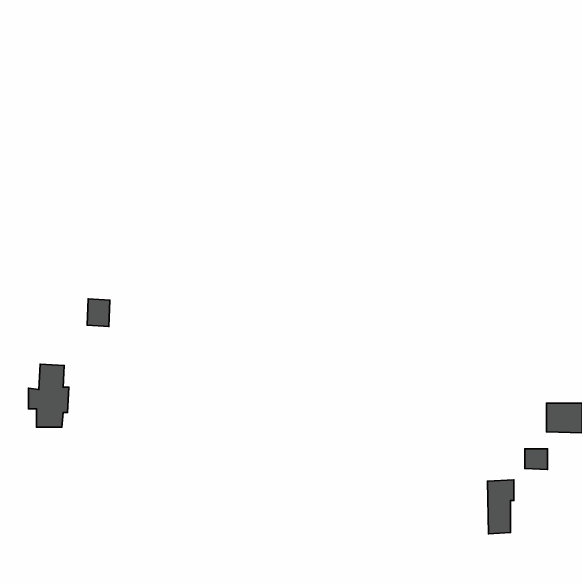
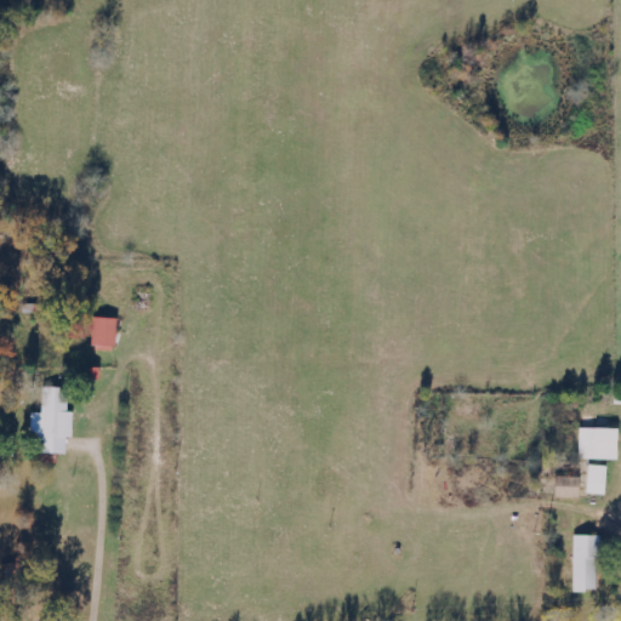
building: none -> [587,465,606,494]
building: [487,480,514,534] -> [571,534,599,591]

